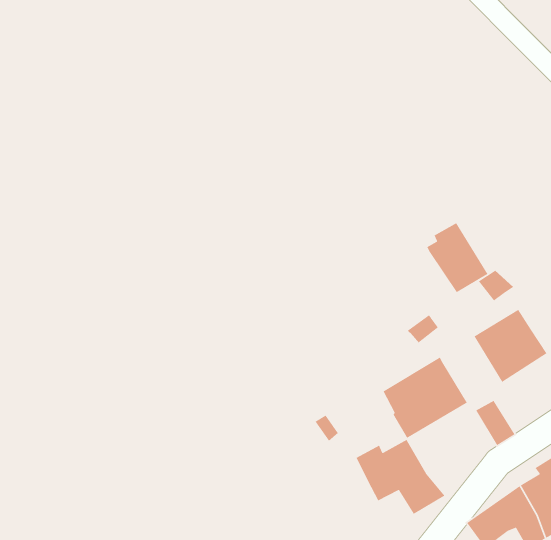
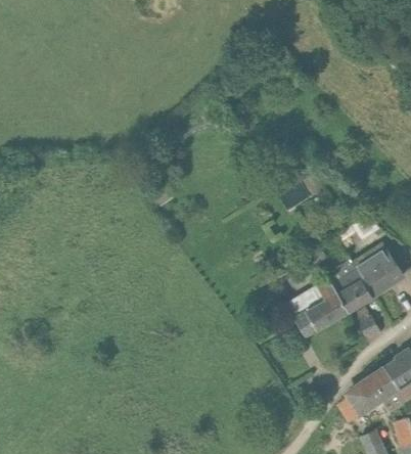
building: [426,222,488,293] -> [328,261,372,311]
building: [355,439,445,515] -> none

